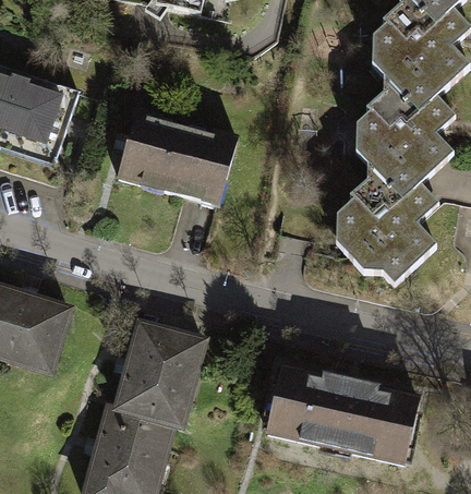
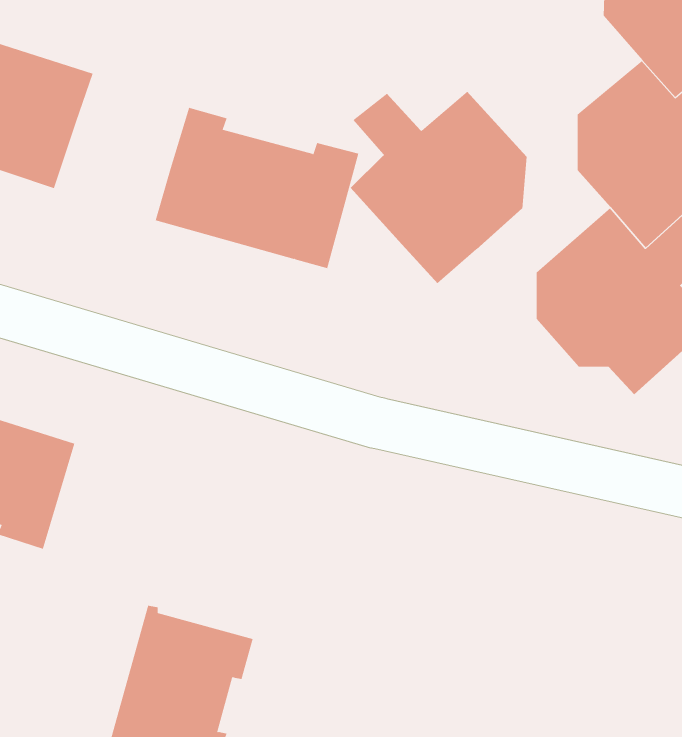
building: none -> [350,91,527,284]
building: [116,324,202,426] -> none
building: [263,370,413,465] -> none

